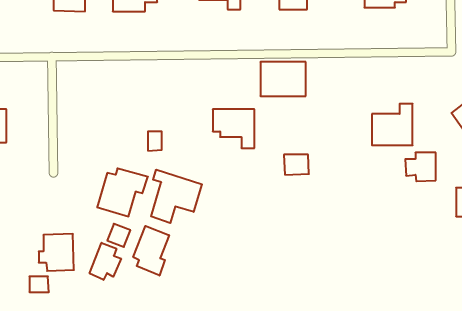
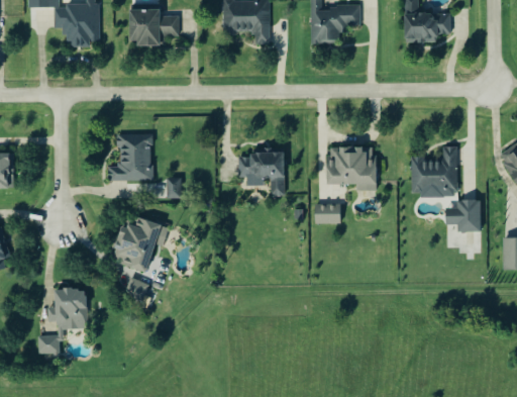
building: [260,62,306,96] -> [326,146,376,184]
building: none -> [108,133,152,181]
building: [151,170,202,223] -> none
building: [133,226,169,276] -> none
building: [90,243,121,280] -> none

